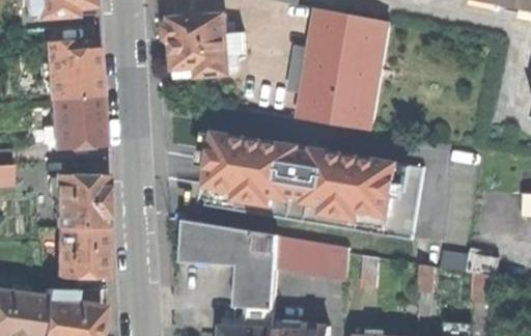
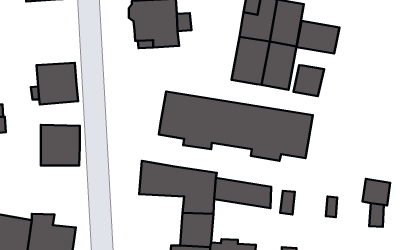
building: [43,40,97,100] -> none
building: none -> [296,21,339,54]
building: none -> [294,65,324,96]
building: [55,227,103,277] -> none

